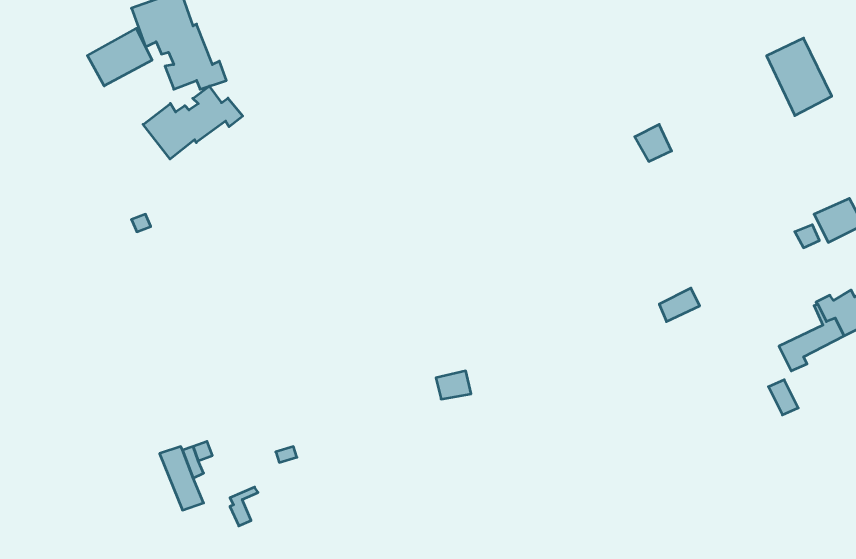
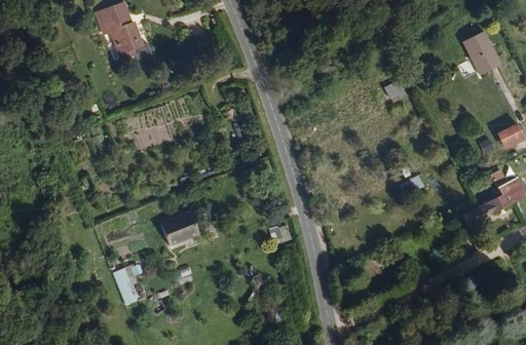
building: [87,28,152,86] -> none
building: [143,86,243,159] -> none
building: none -> [157,212,197,246]

